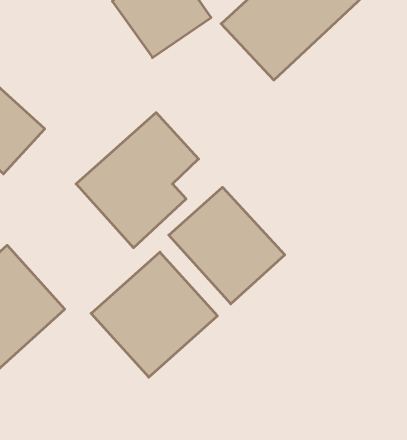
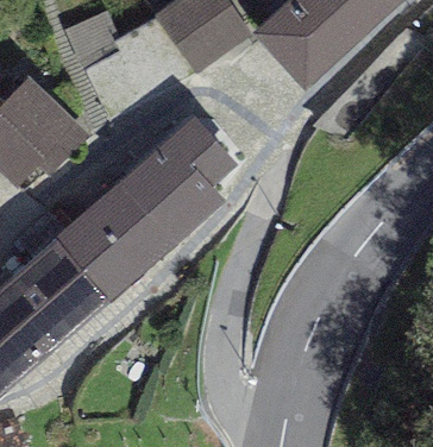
building: [169,187,285,304] -> none
building: [91,252,217,377] -> [52,184,172,303]

